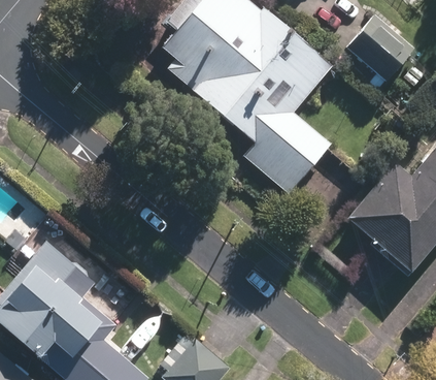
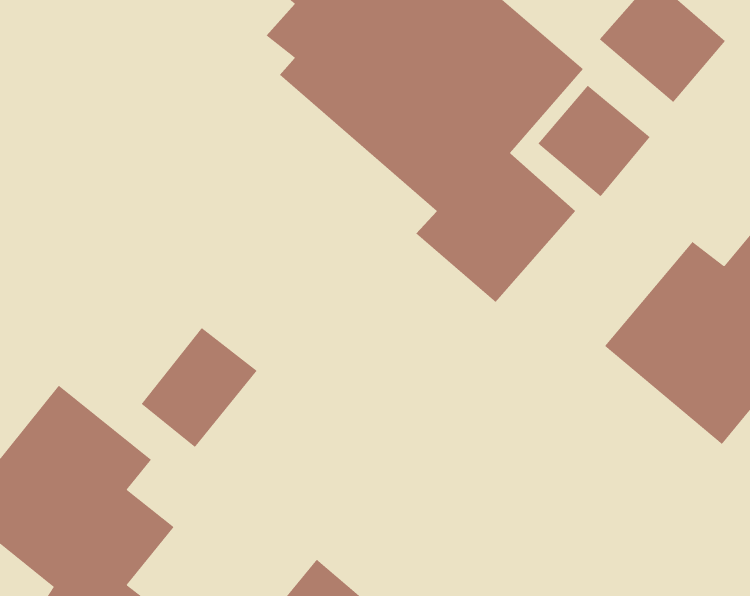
building: none -> [538,85,651,197]
building: none -> [141,327,257,448]

